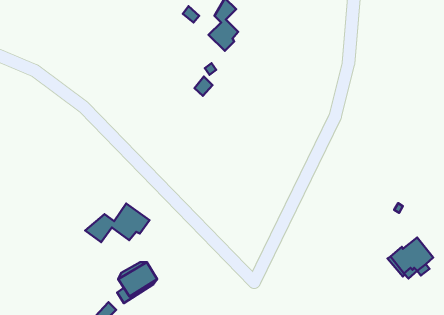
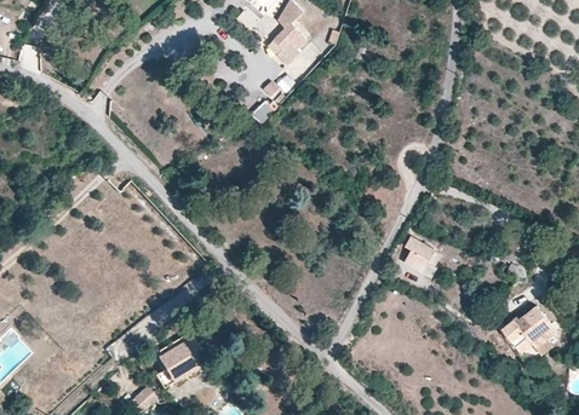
building: none -> [403,235,434,270]
building: [85,203,149,242] -> none

